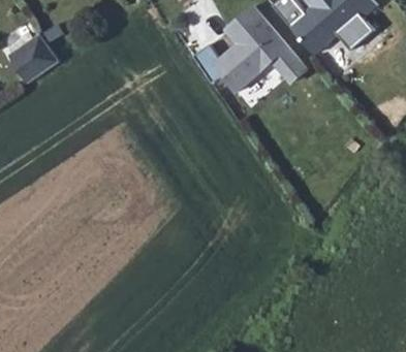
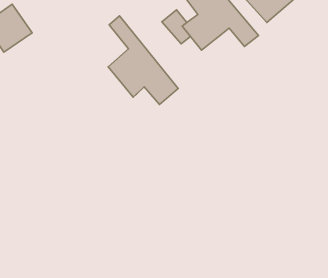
building: none -> [108,16,178,105]

